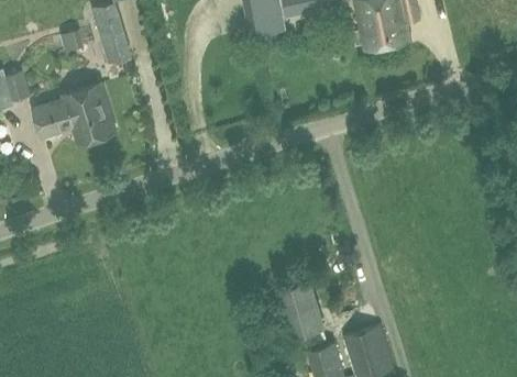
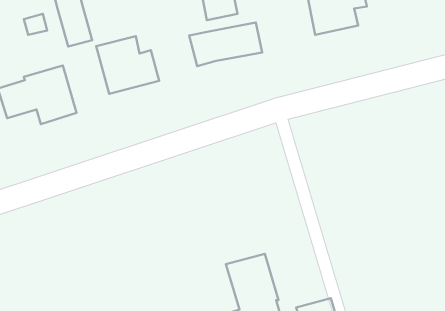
building: none -> [189,23,262,66]
building: none -> [96,36,159,94]

